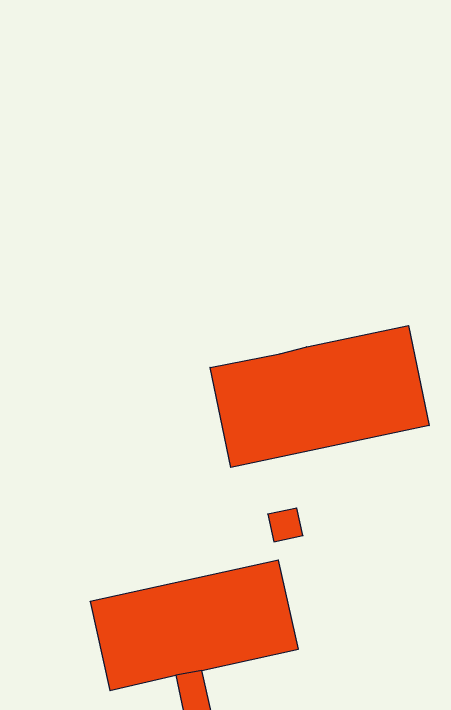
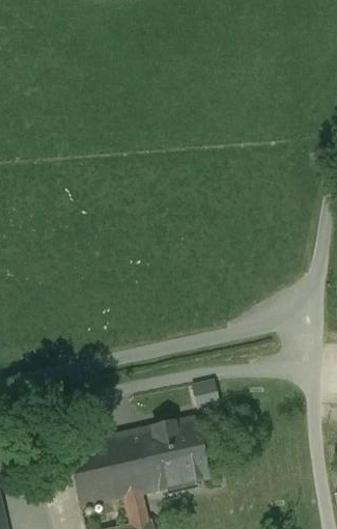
building: [210,326,429,467] -> none

